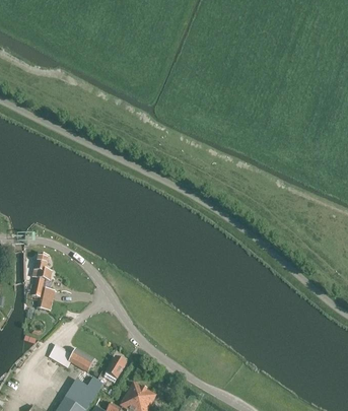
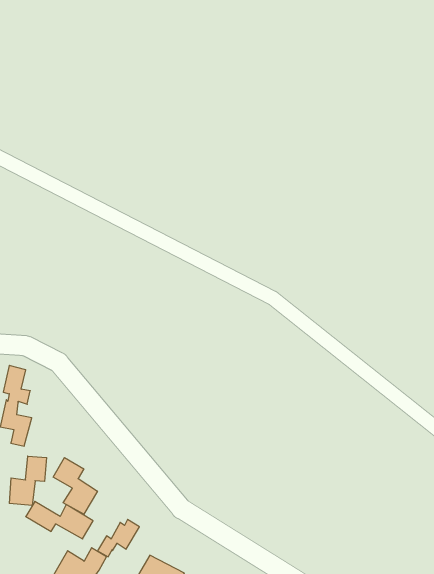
building: none -> [9,456,47,506]
building: none -> [53,458,97,514]

